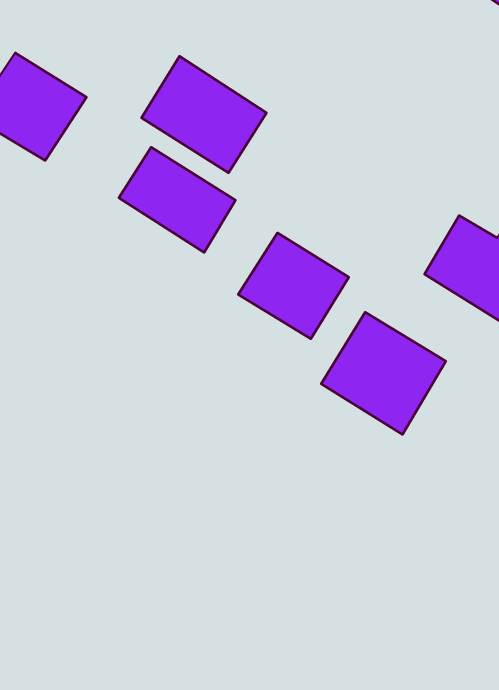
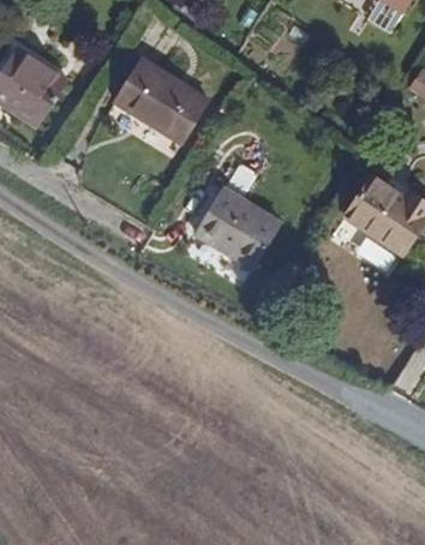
building: [119,147,235,252] -> none
building: [321,312,446,435] -> none

